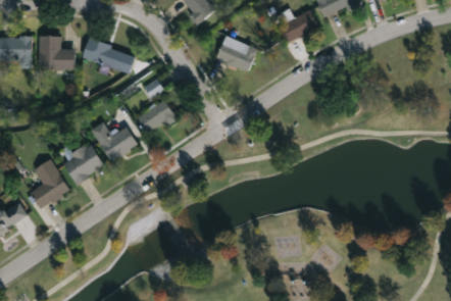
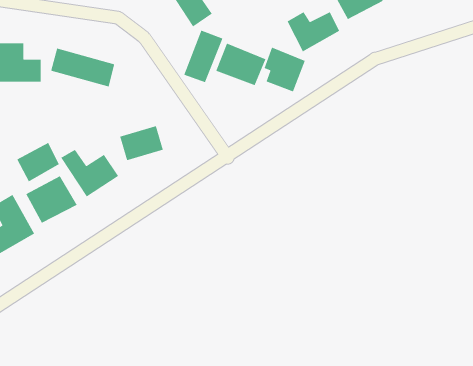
building: none -> [183,29,223,83]
building: none -> [263,46,306,92]
building: none -> [16,142,60,183]

